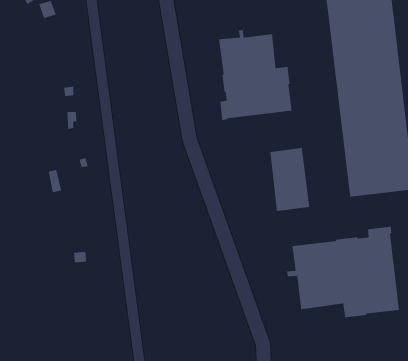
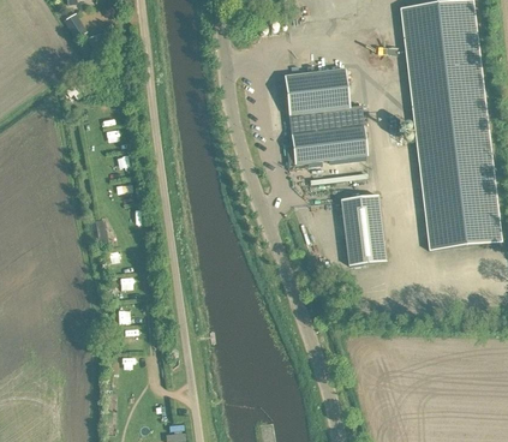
building: [287,226,400,318] -> none

